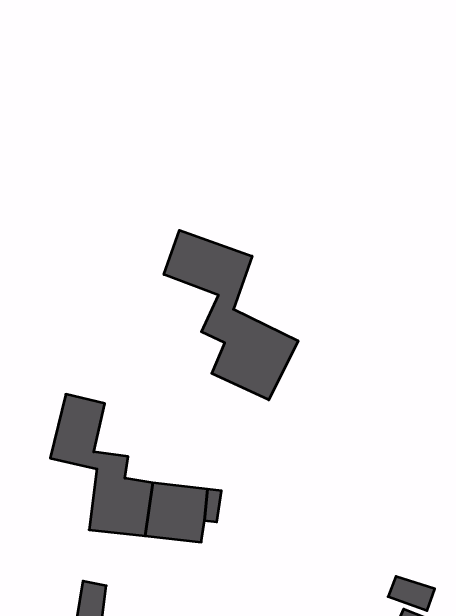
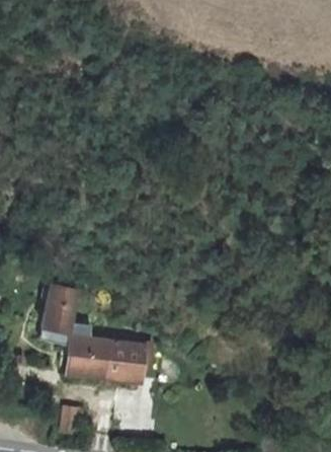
building: [164,230,298,400] -> none

